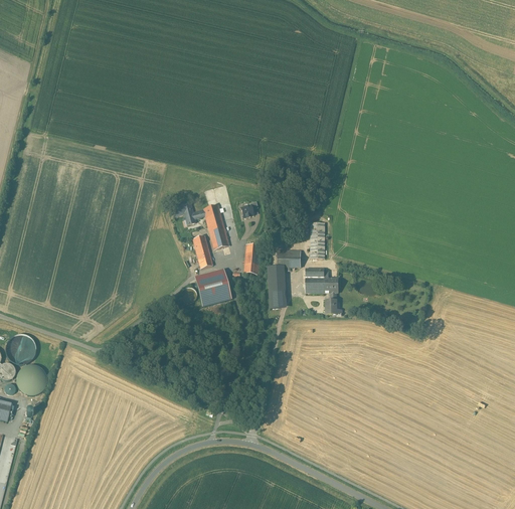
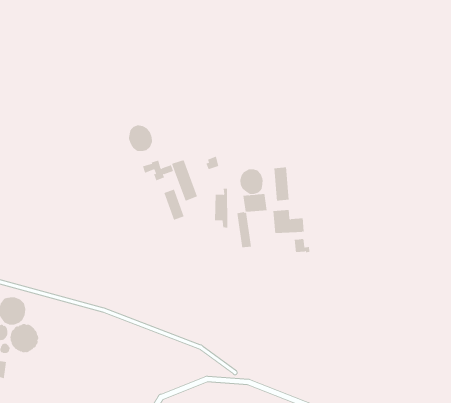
building: none -> [128,124,153,152]
building: none -> [240,168,263,195]
building: [195,273,230,306] -> none

